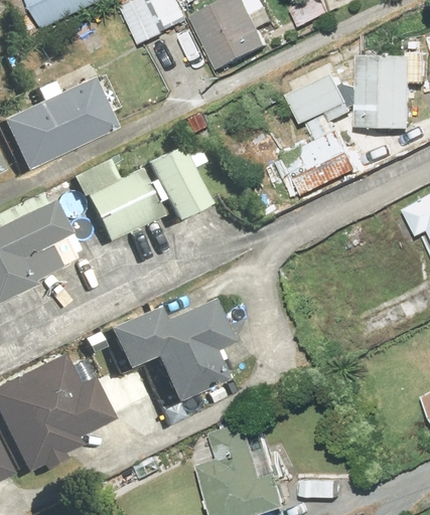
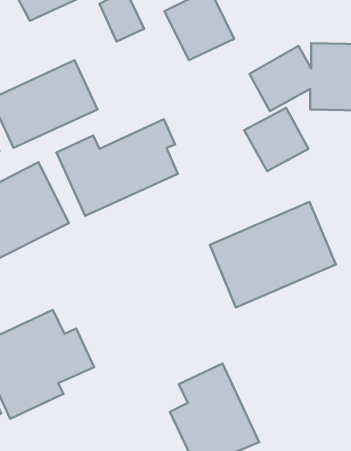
building: none -> [210,202,336,308]
building: [106,297,233,403] -> none

